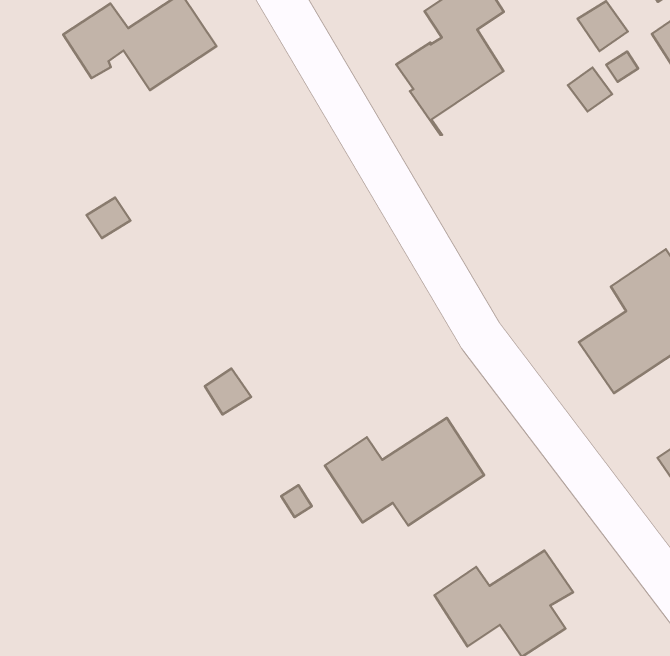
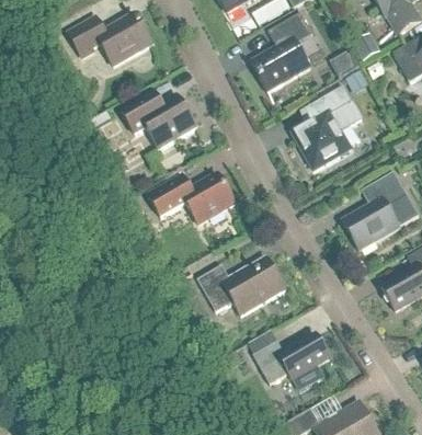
building: none -> [293,83,364,167]
building: none -> [121,88,196,148]
building: none -> [146,171,235,221]

